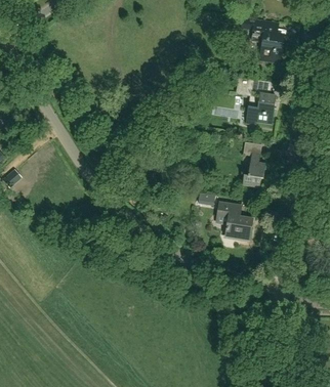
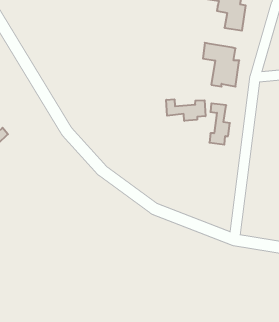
building: none -> [166,99,205,121]
building: [216,203,252,240] -> none

